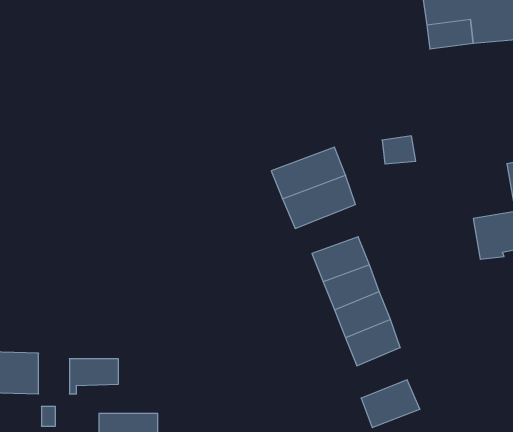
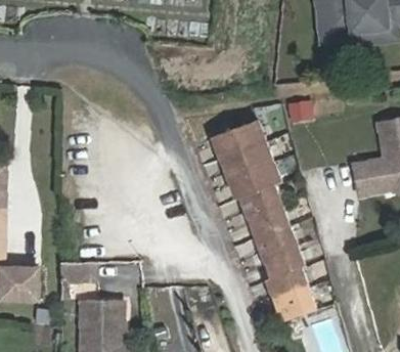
building: none -> [224,152,276,190]
building: none -> [264,258,306,294]

